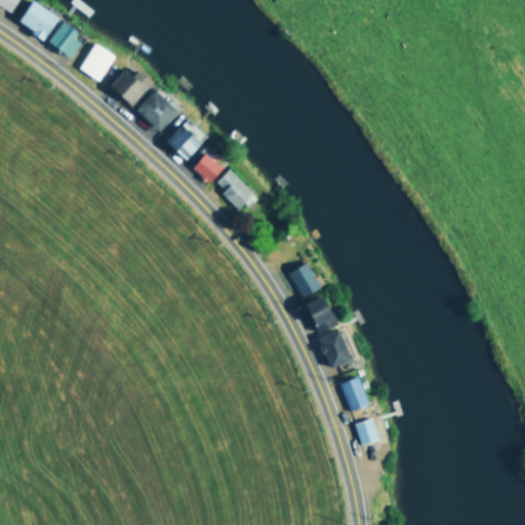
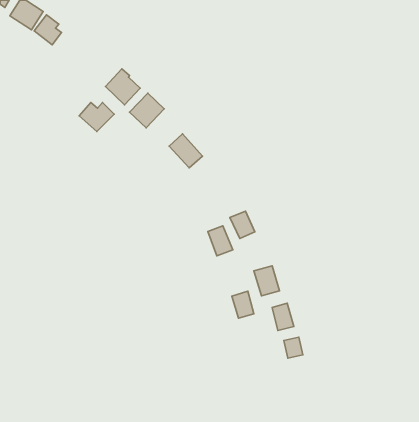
building: [80,43,116,82] -> none
building: [111,70,154,106] -> [79,102,114,131]
building: [193,153,224,184] -> none
building: [307,296,337,333] -> [208,226,233,256]
building: none -> [232,291,254,318]

